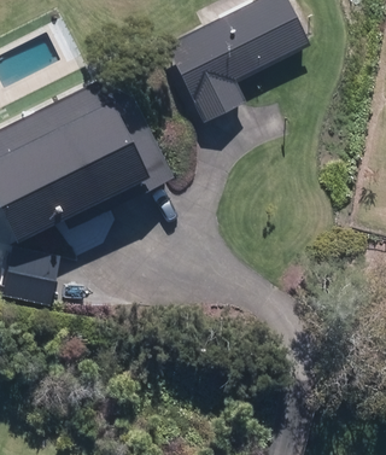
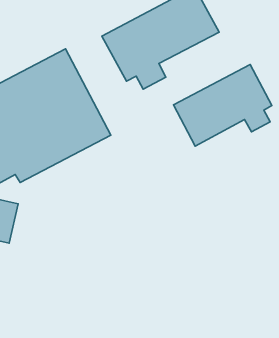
building: none -> [174,64,272,146]

